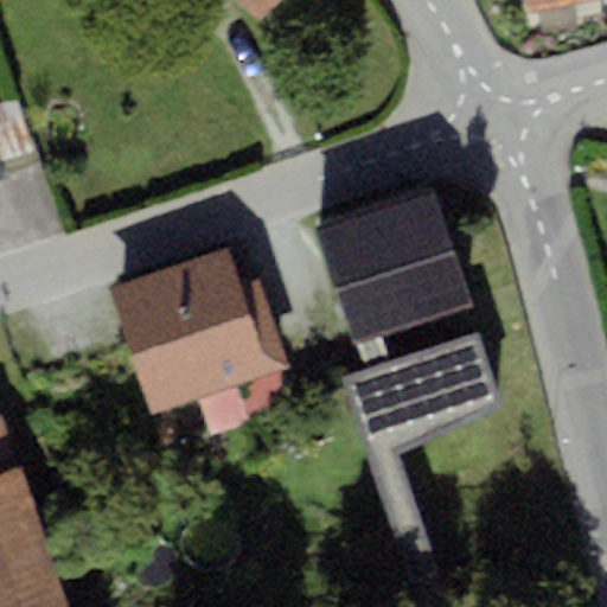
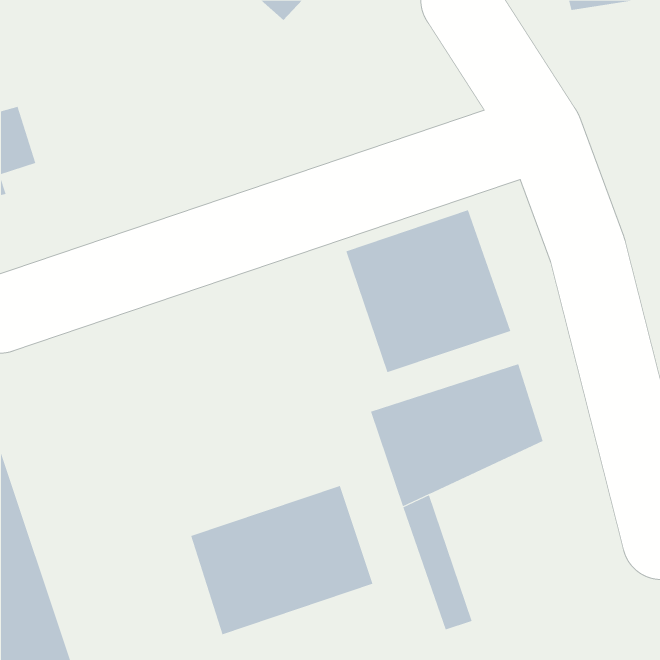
building: [113,251,292,411] -> none
building: none -> [191,485,373,635]

